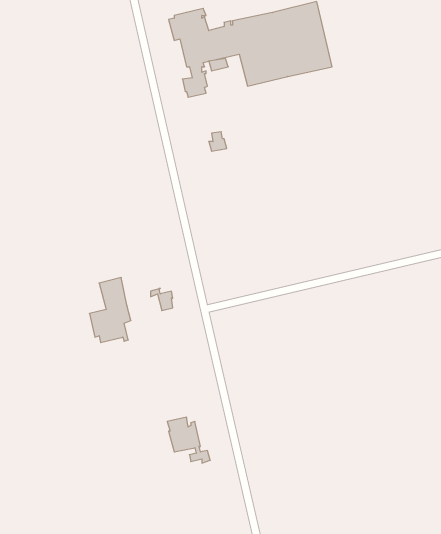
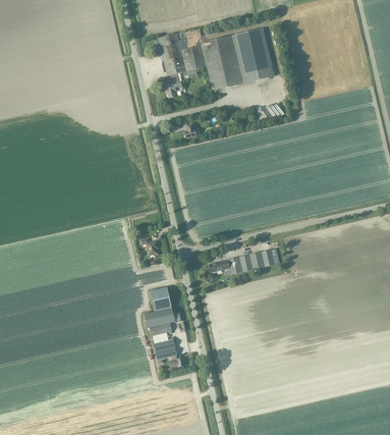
building: [89,278,131,343] -> [144,287,174,335]
building: none -> [209,249,279,275]

